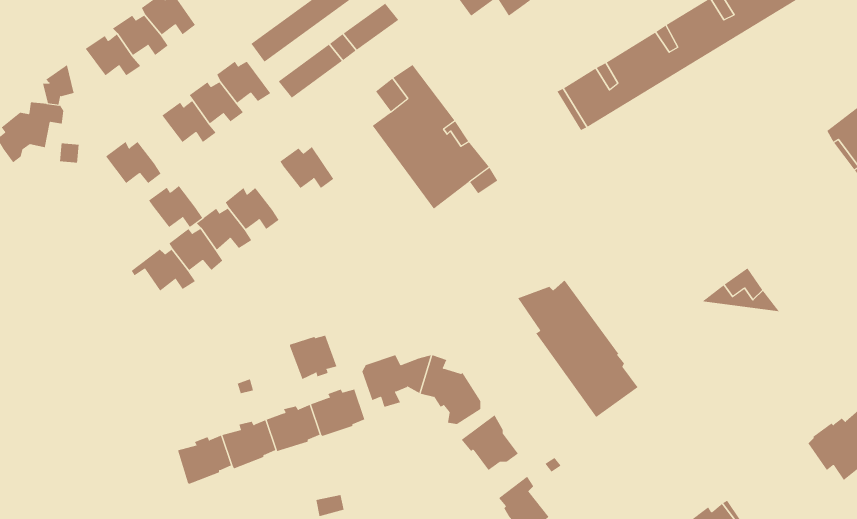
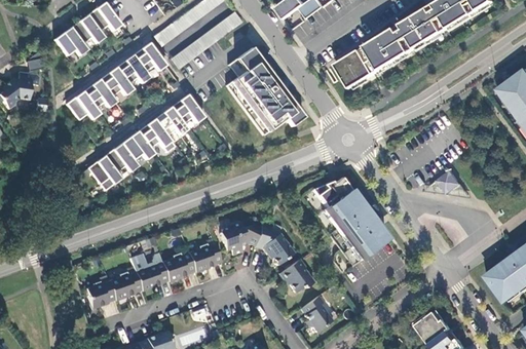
building: none -> [154,109,187,134]
building: [148,185,203,228] -> [83,81,116,107]
building: [289,335,337,380] -> none
building: none -> [87,279,115,308]

